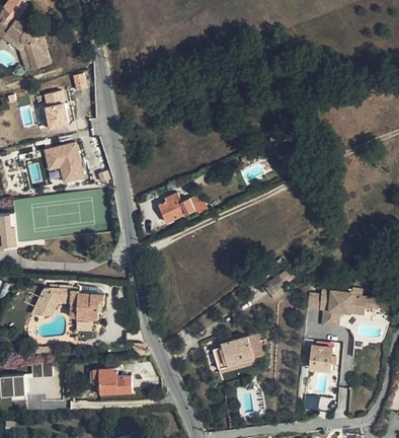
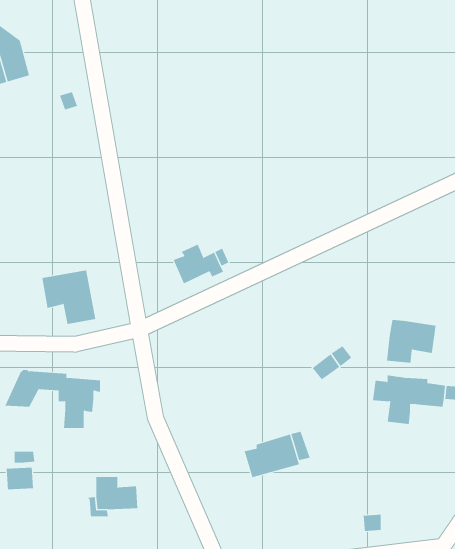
building: [44,91,67,129] -> none
building: [43,143,84,185] -> [41,270,96,325]
building: none -> [387,319,436,364]
building: [310,346,332,370] -> none

